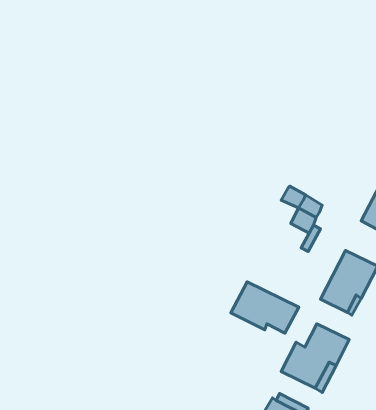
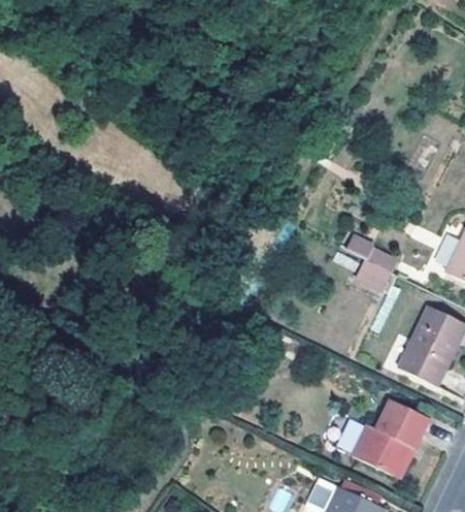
building: [231,282,299,333] -> none

